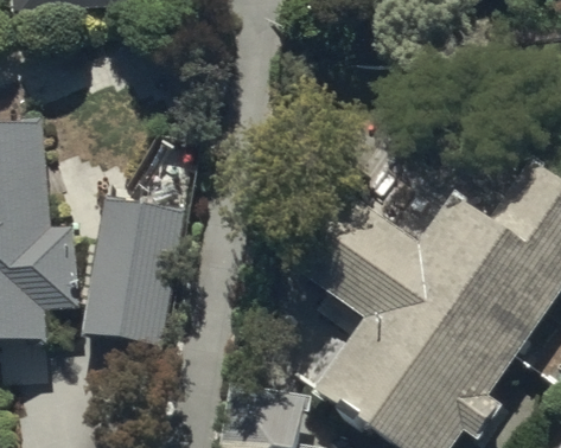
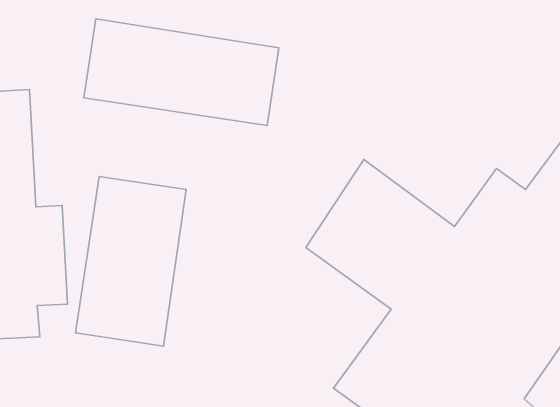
building: none -> [84,19,279,125]

